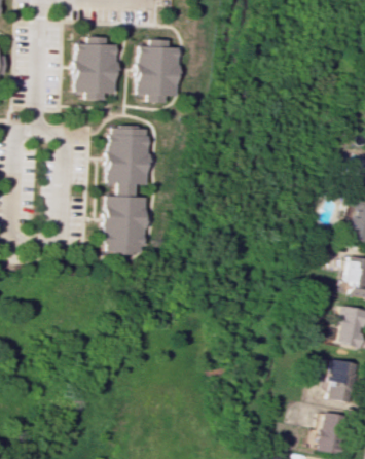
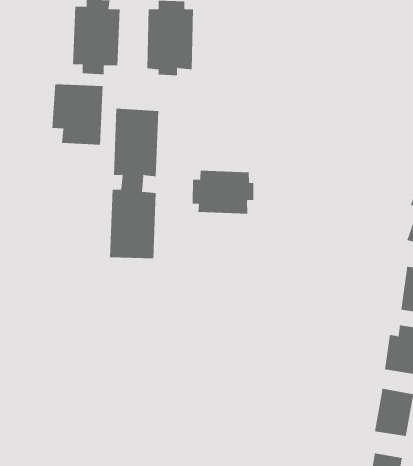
building: none -> [52,83,103,145]
building: none -> [192,170,254,215]

